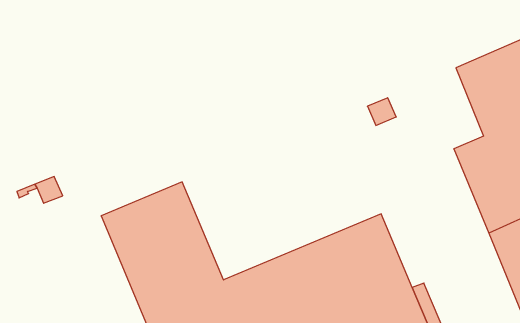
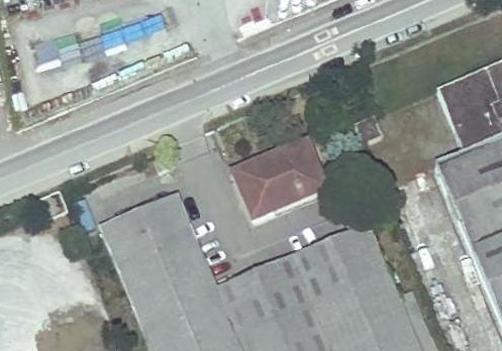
building: none -> [231,138,323,216]

